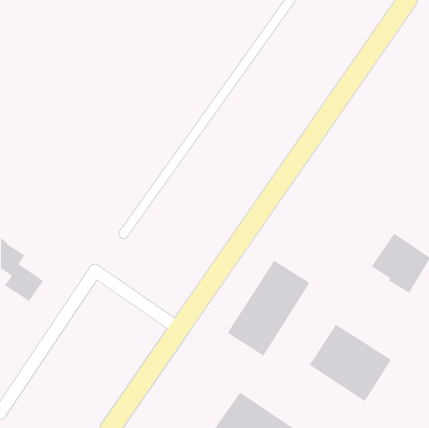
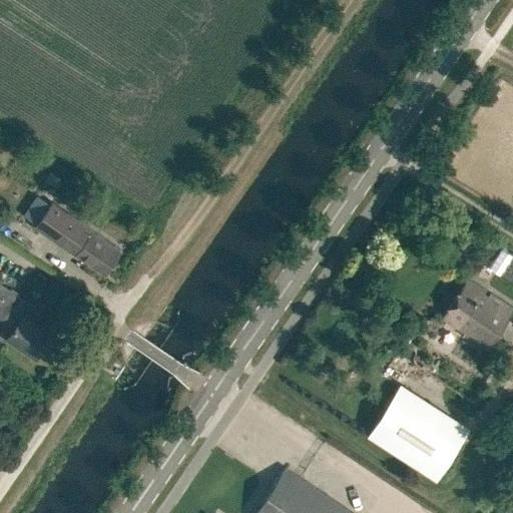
building: none -> [35,203,121,276]
building: [227,260,310,357] -> none

